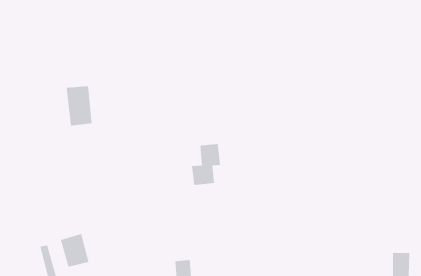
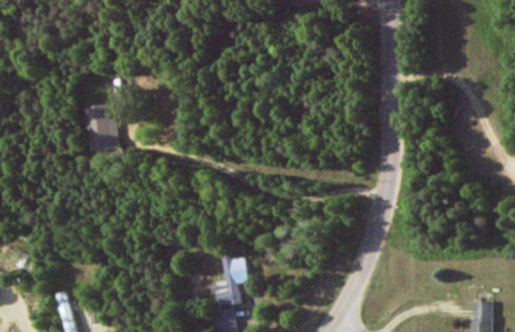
building: [191,144,221,186] -> [213,258,248,307]
building: [60,233,89,268] -> none

